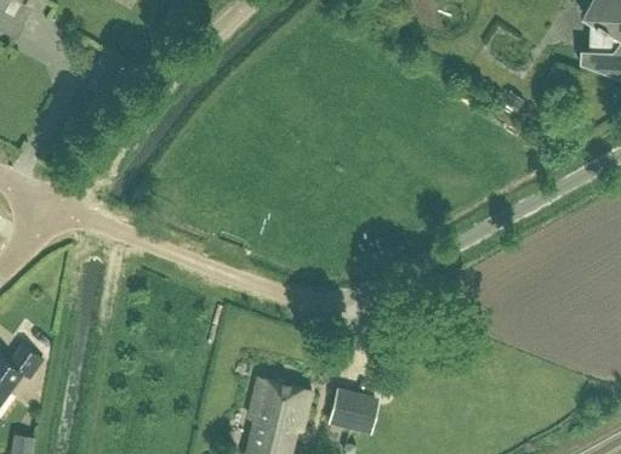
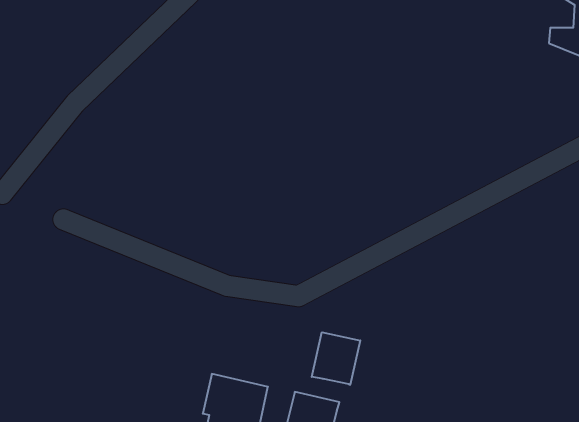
building: none -> [312,332,360,385]

